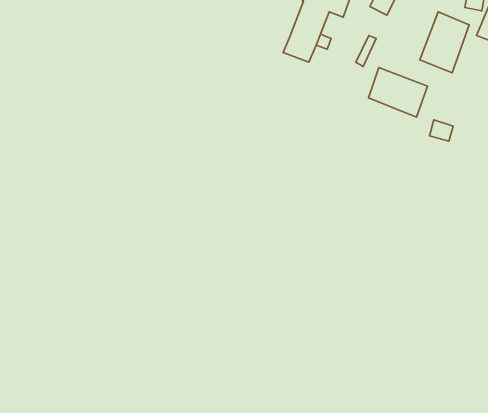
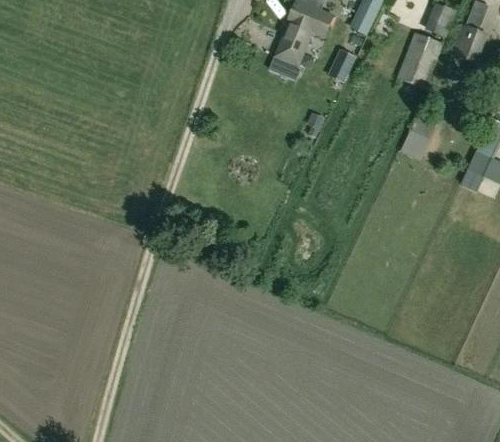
building: [368,68,428,117] -> none

